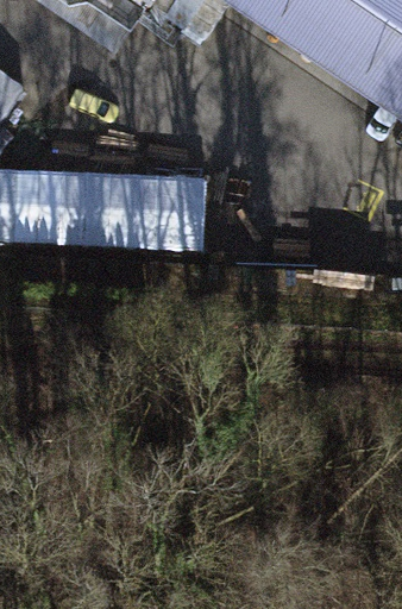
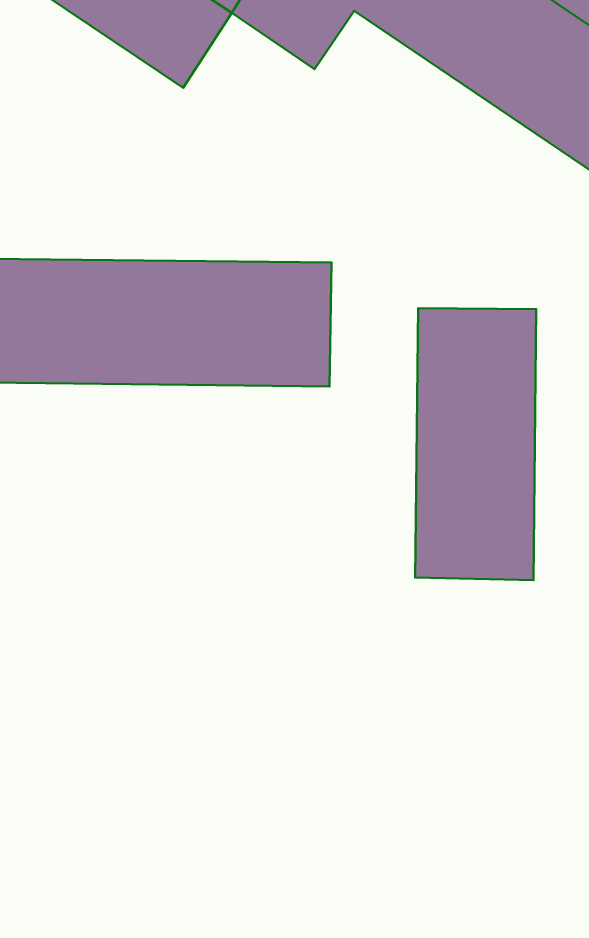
building: none -> [415,308,536,580]

